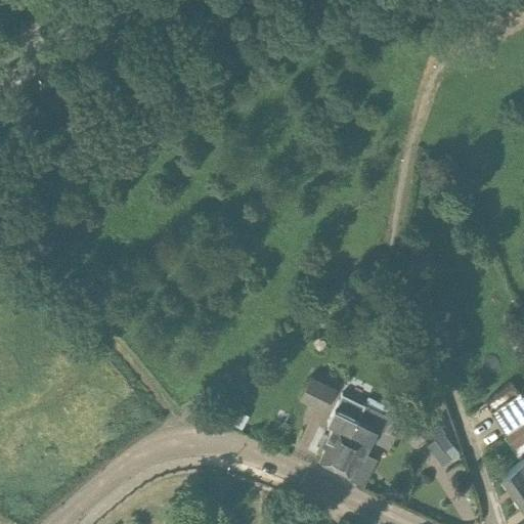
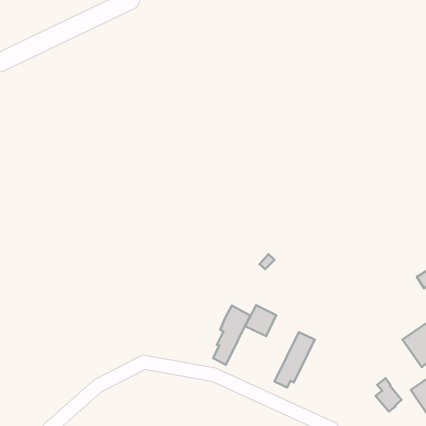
building: [322,396,367,469] -> [213,305,250,365]
building: [429,427,461,468] -> [375,378,401,412]

